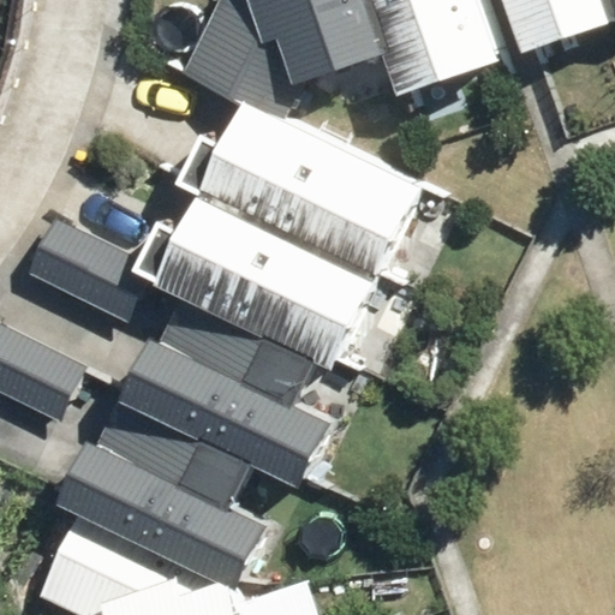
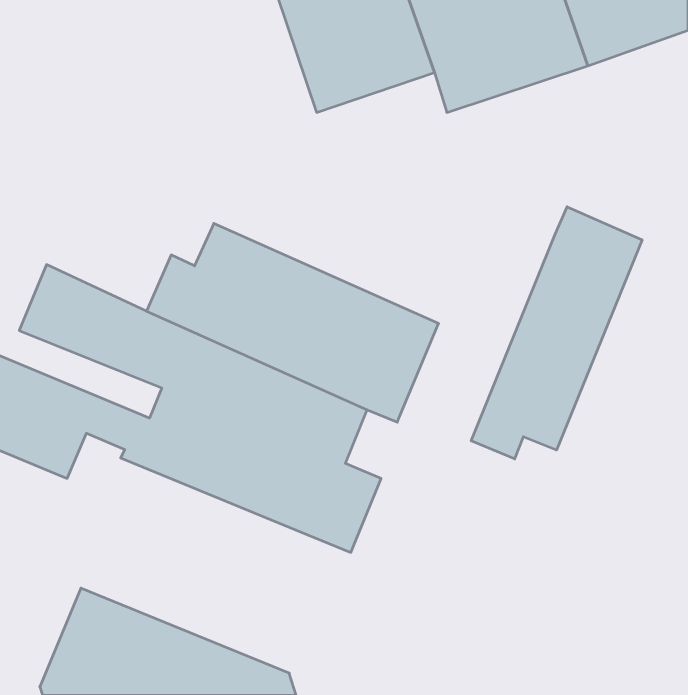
building: [166,100,428,283] -> none
building: none -> [471,207,642,459]
building: [61,401,285,592] -> none

